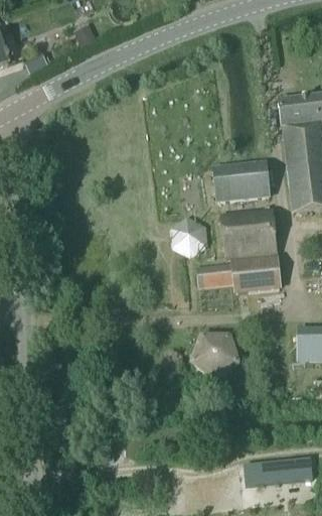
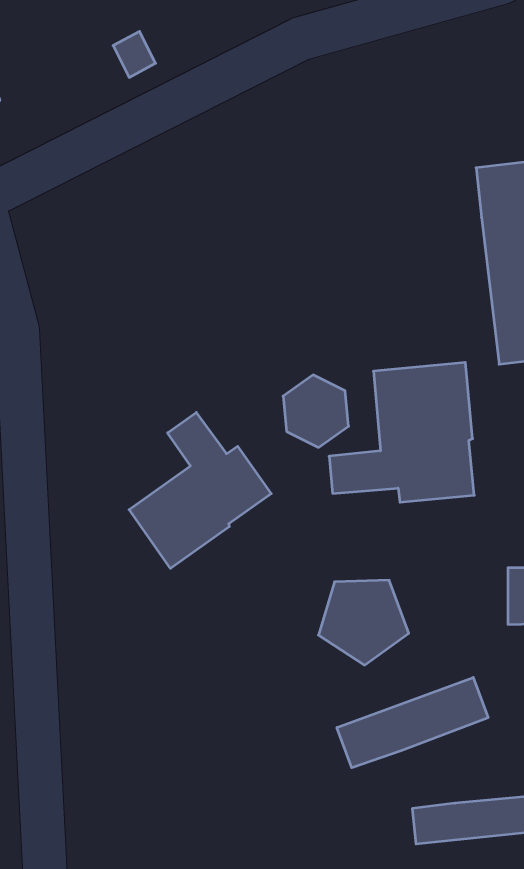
building: [214,163,268,201] -> none
building: none -> [129,412,271,568]
building: none -> [337,677,488,768]

